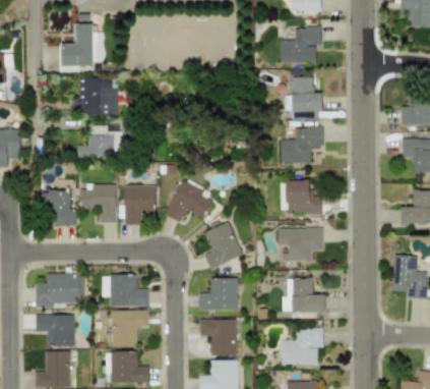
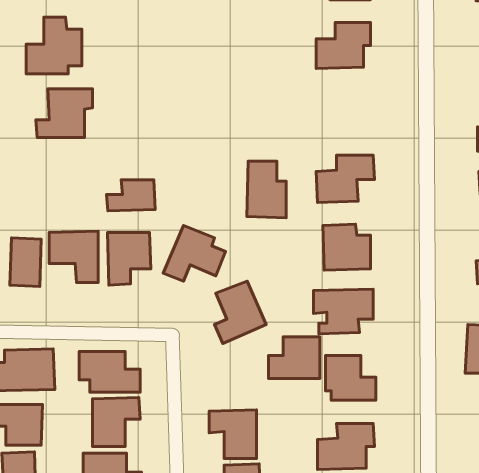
building: [292,77,321,120] -> [247,161,286,218]
building: [77,133,114,157] -> [106,180,155,211]
building: [199,278,238,310] -> [268,337,320,379]

